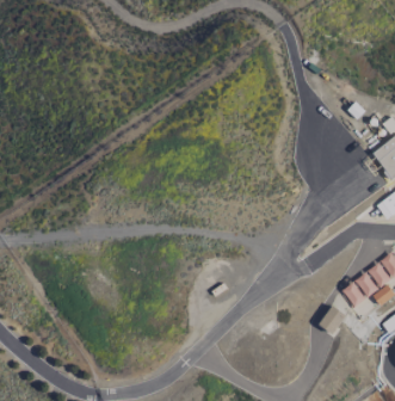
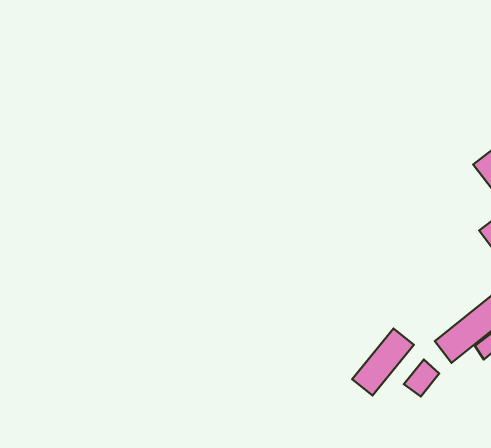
building: none -> [352,329,414,395]

